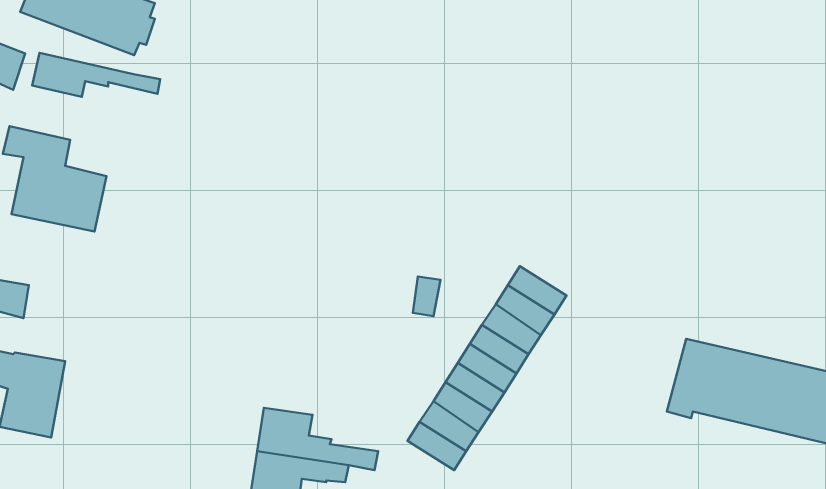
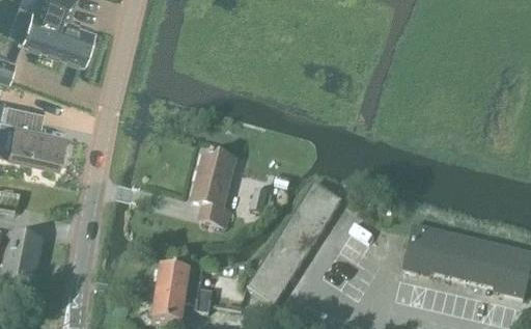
building: [32,53,160,97] -> none
building: none -> [190,156,233,232]

